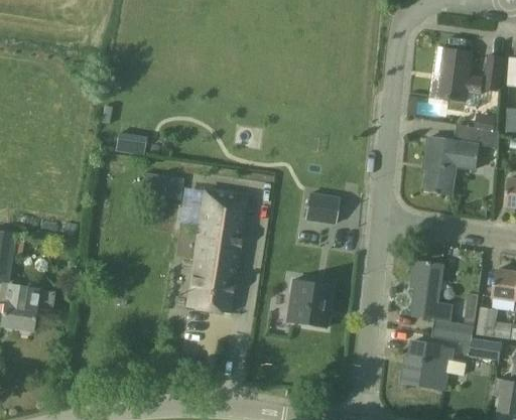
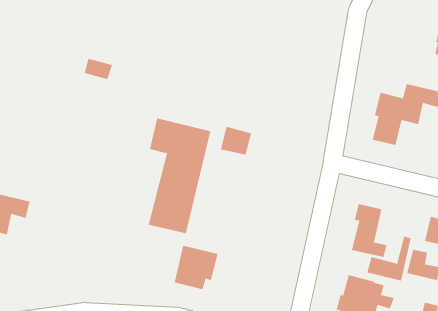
building: [431,48,482,105] -> none
building: [305,192,339,223] -> [220,126,252,155]
building: [285,278,332,325] -> [174,245,218,290]
building: [469,337,502,360] -> none

